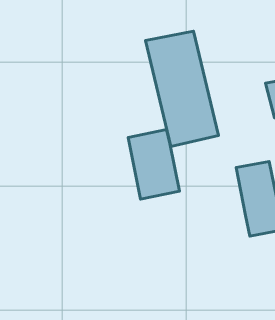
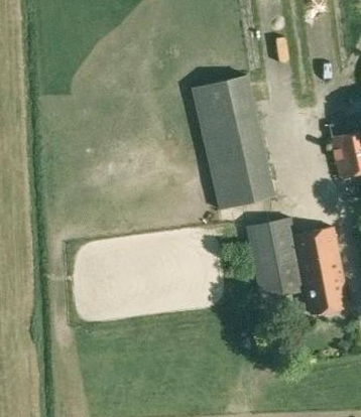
building: [128,130,180,199] -> [247,218,307,298]

